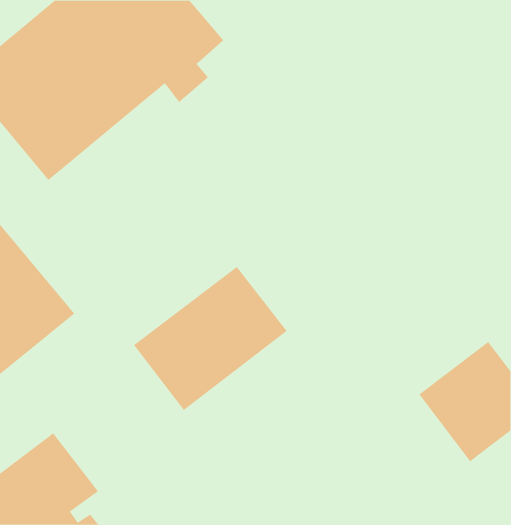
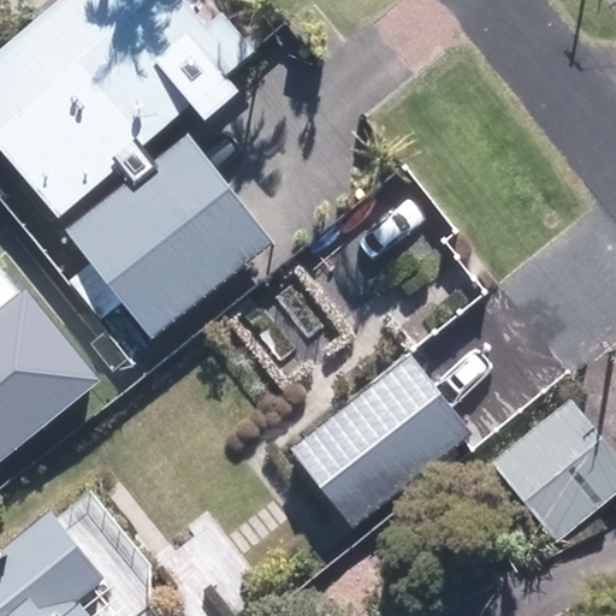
building: none -> [63,132,273,340]
building: [133,266,287,411] -> [290,357,470,527]

